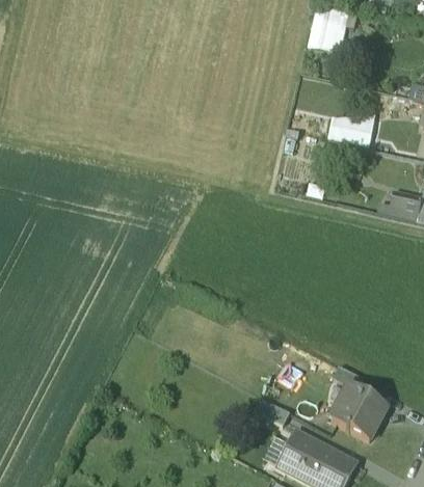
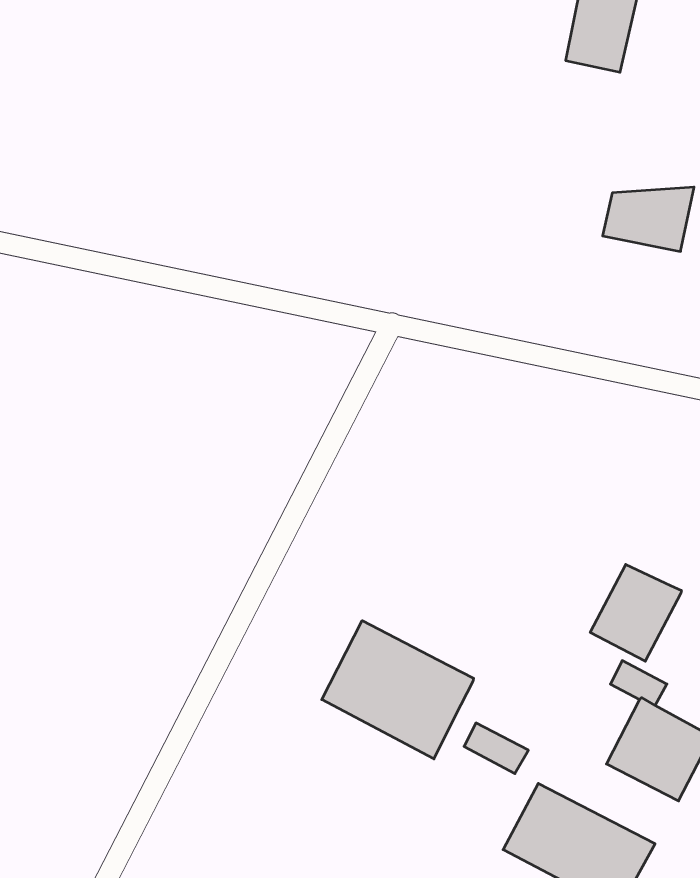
building: none -> [590,564,681,661]
building: none -> [322,621,474,759]

